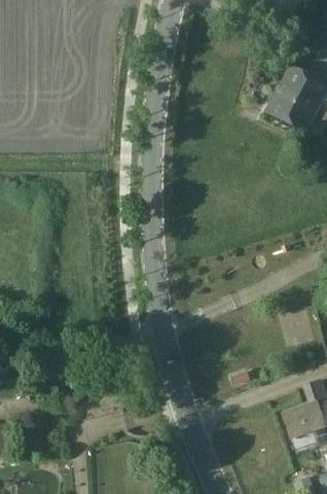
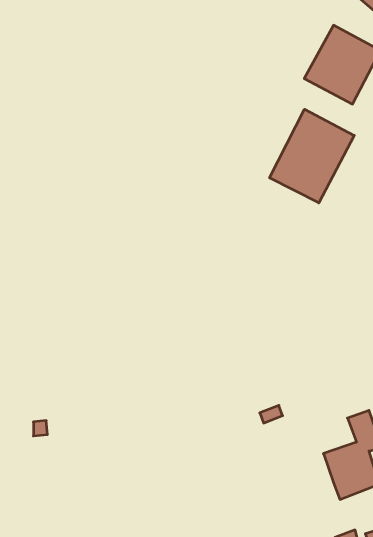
building: none -> [270,109,354,203]

